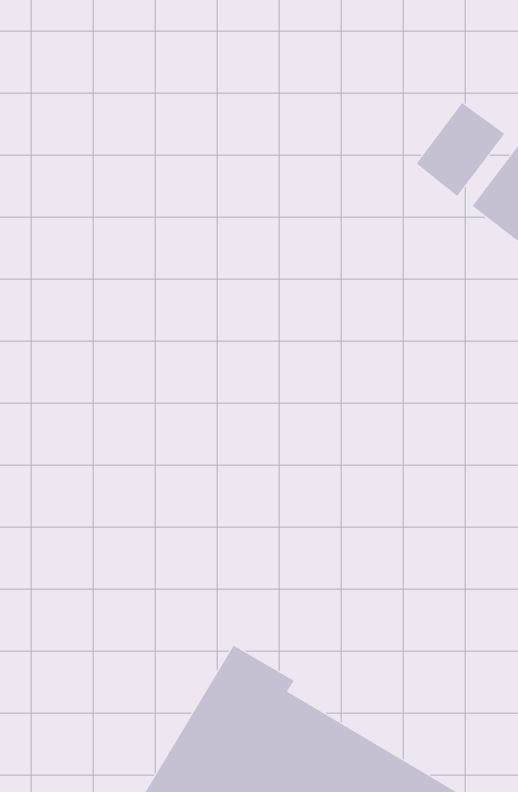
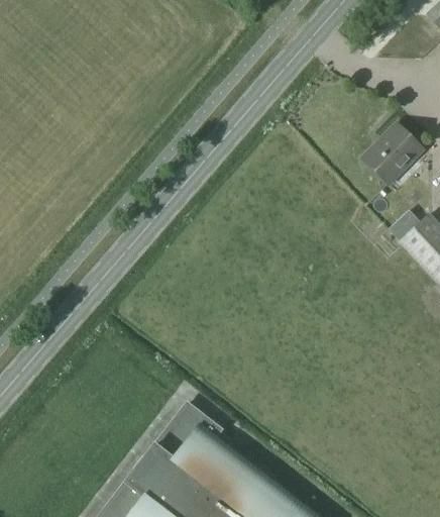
building: [416,102,505,197] -> none

